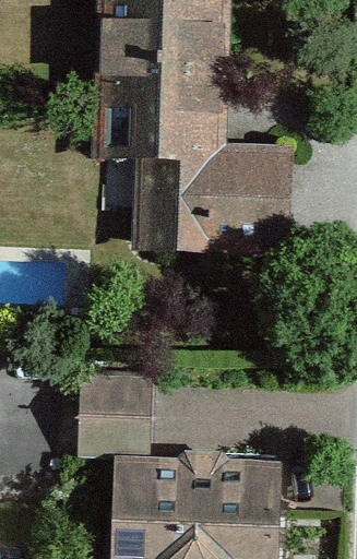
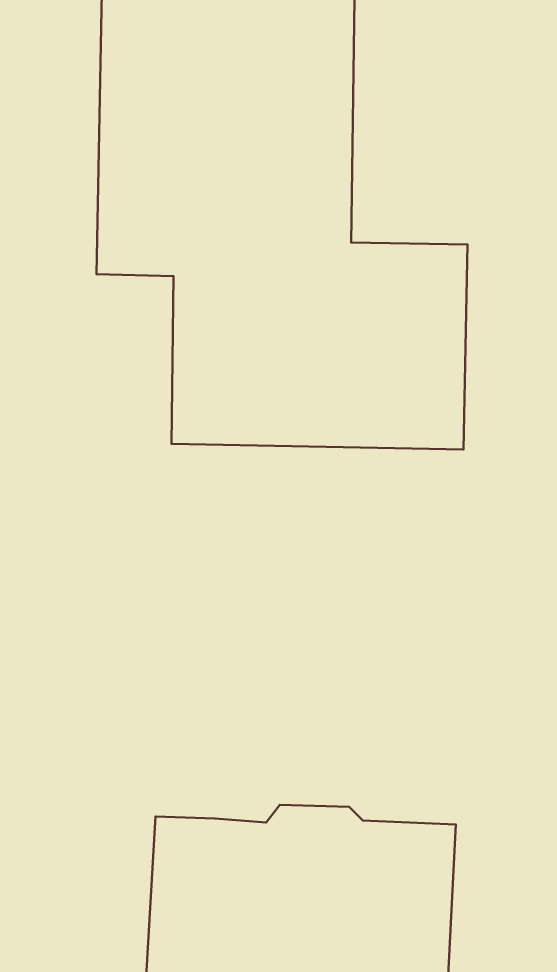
building: [80,374,153,460] -> none

